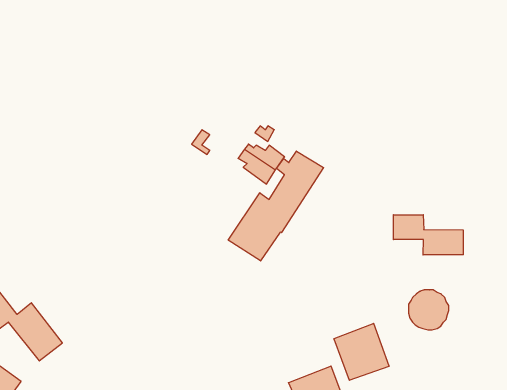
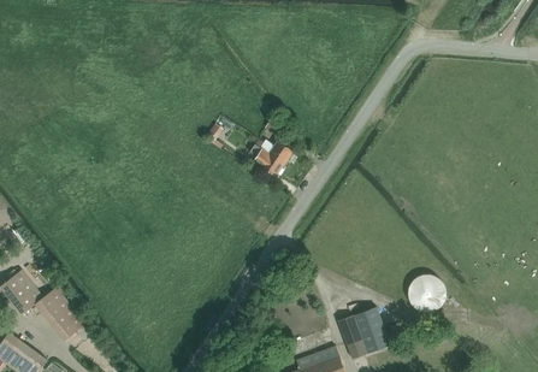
building: [228,151,324,261] -> none
building: [393,215,463,255] -> none

